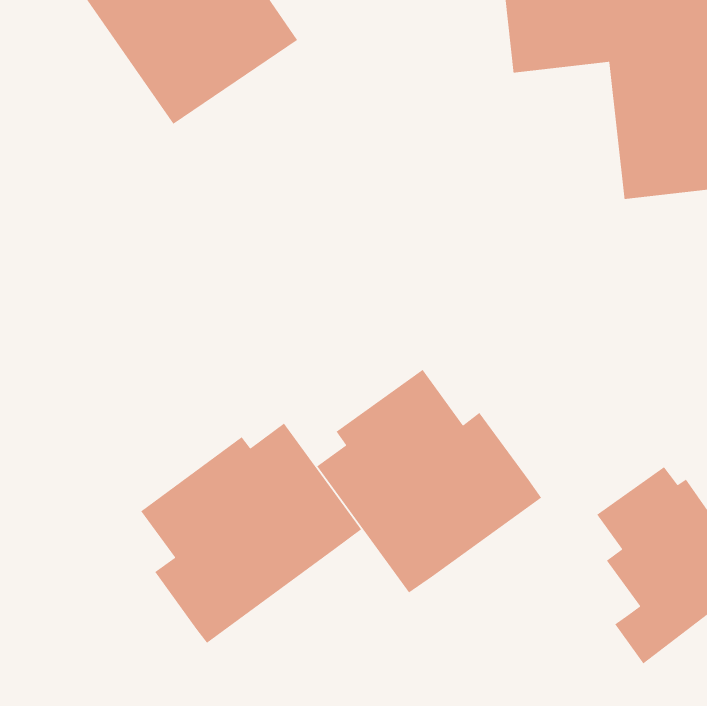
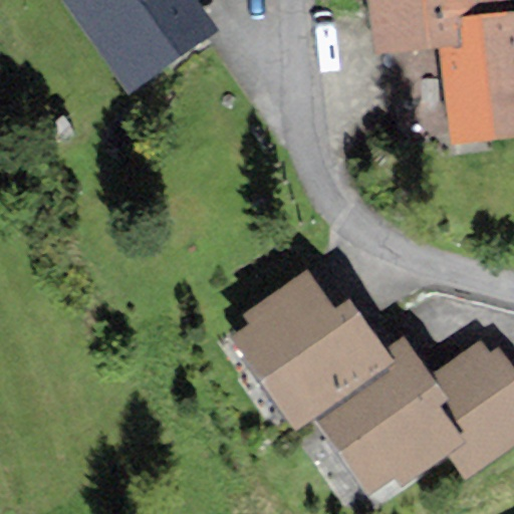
building: [140,422,362,644] -> none
building: none -> [314,333,464,493]

